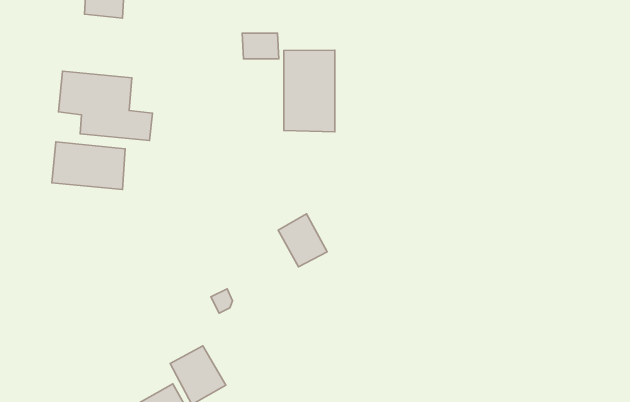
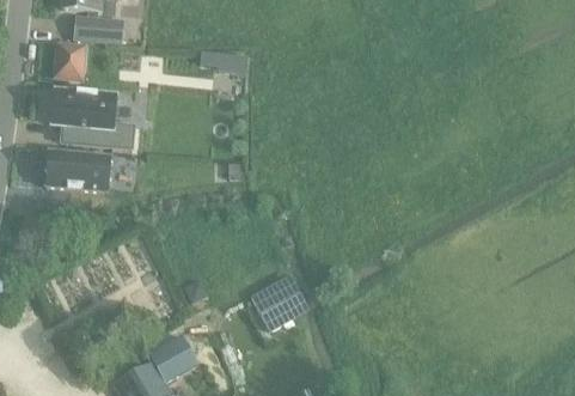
building: none -> [56,44,84,78]
building: [284,50,335,132] -> none
building: [278,214,327,267] -> [251,282,294,329]

